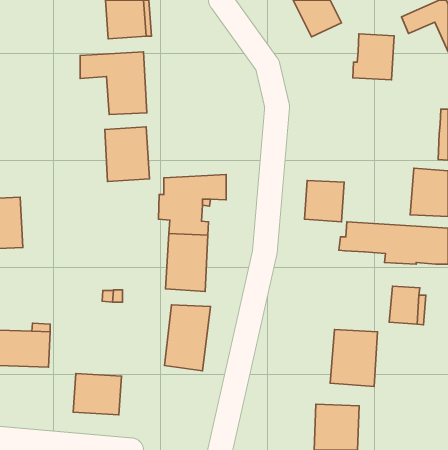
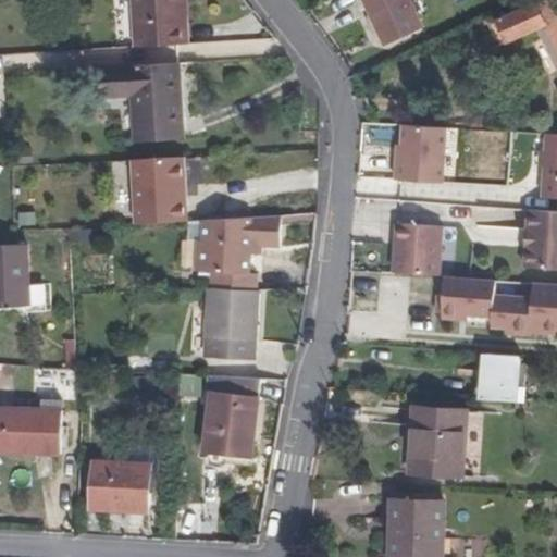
building: [353,34,394,80] -> [394,125,445,182]

